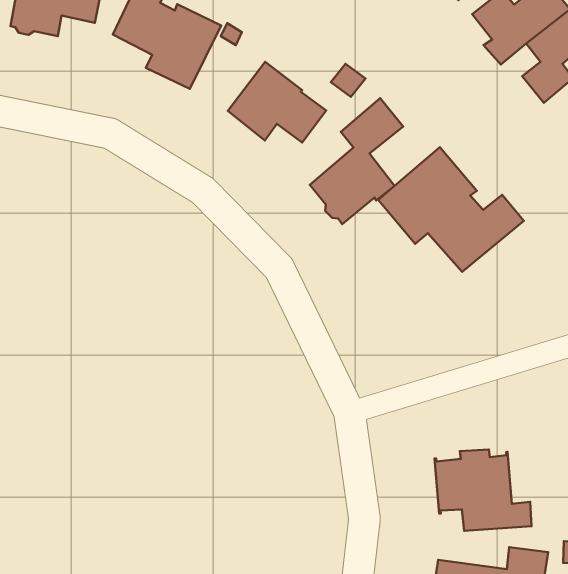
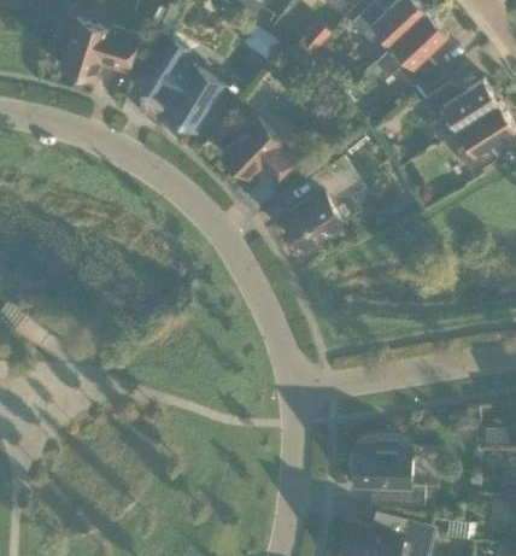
building: [378,147,524,272] -> none

